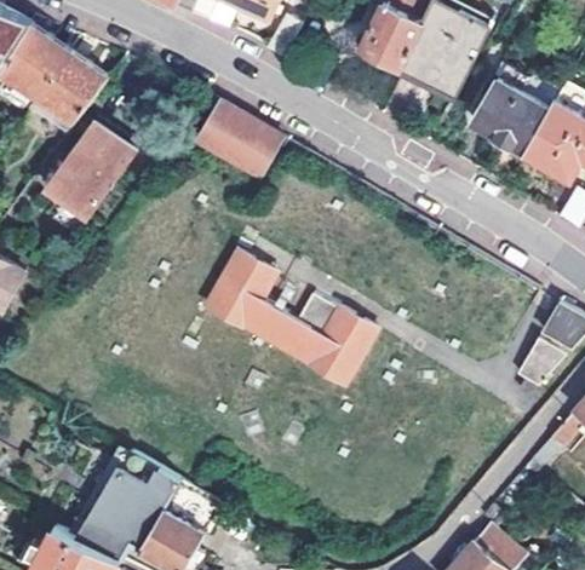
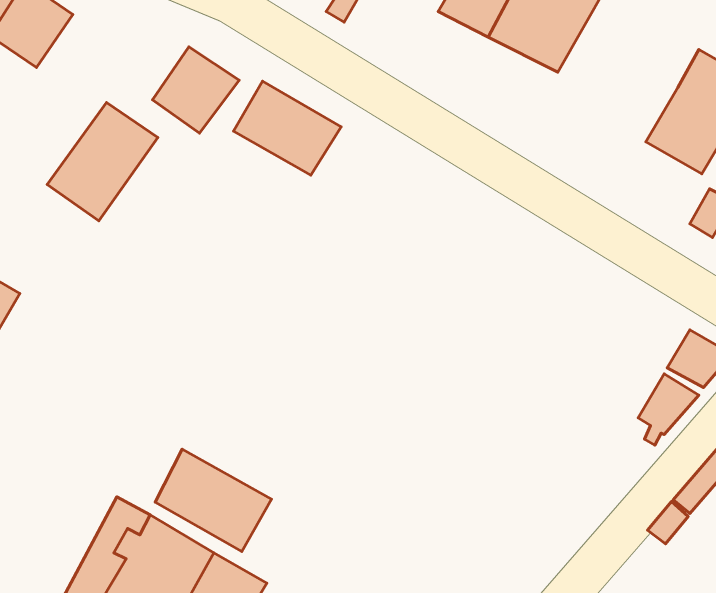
building: [38,52,107,121] -> [153,47,239,133]
building: [472,80,550,160] -> none
building: [210,253,377,385] -> none
building: none -> [155,449,271,552]

